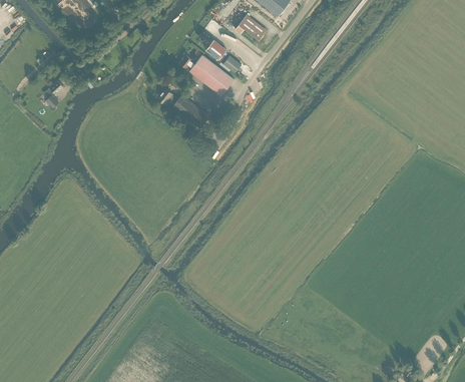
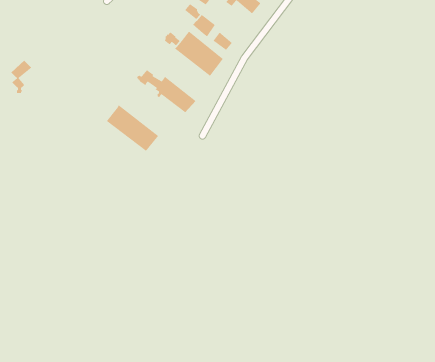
building: none -> [106,104,159,152]

